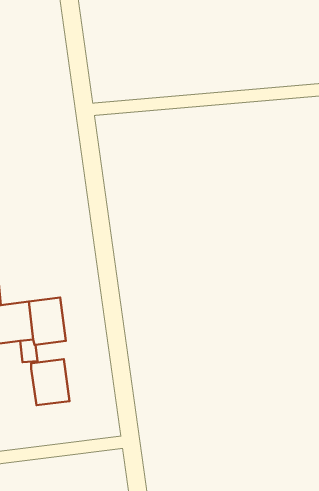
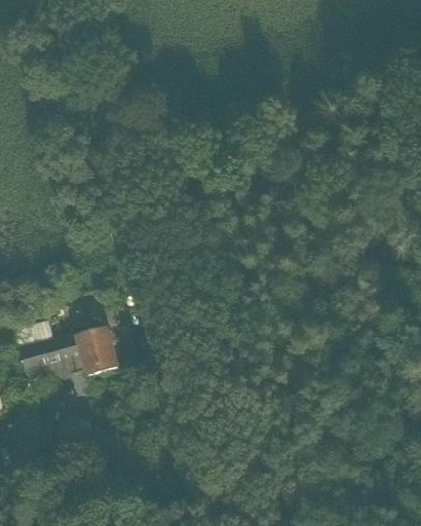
building: [31,359,69,405] -> none

